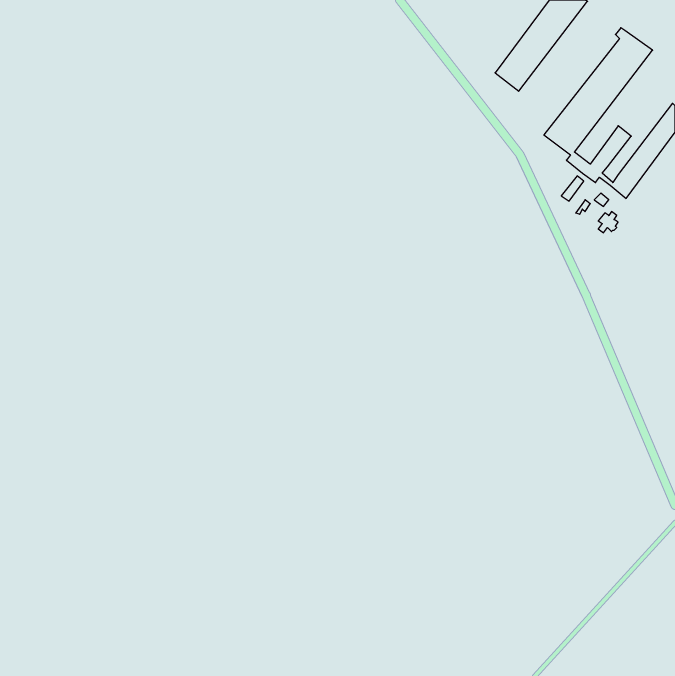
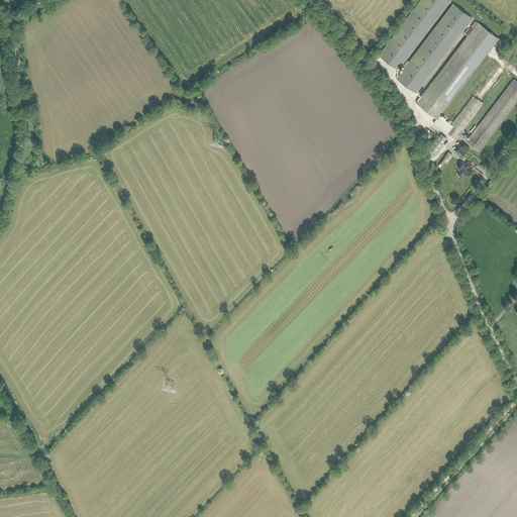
building: none -> [396,4,471,93]

